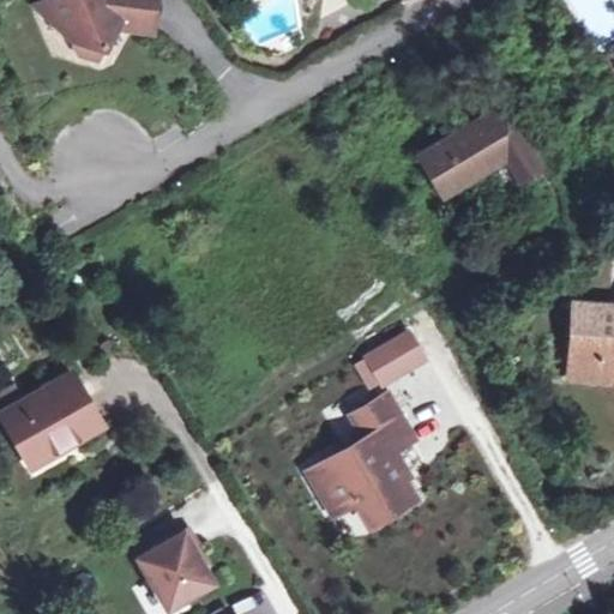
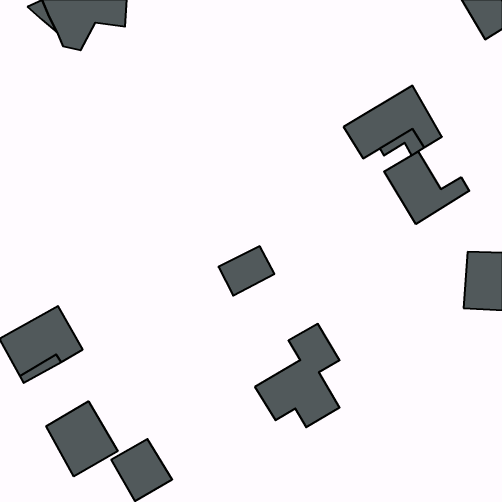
building: none -> [384,152,469,224]
building: [362,327,431,387] -> [218,246,274,296]
building: none -> [46,401,118,476]

